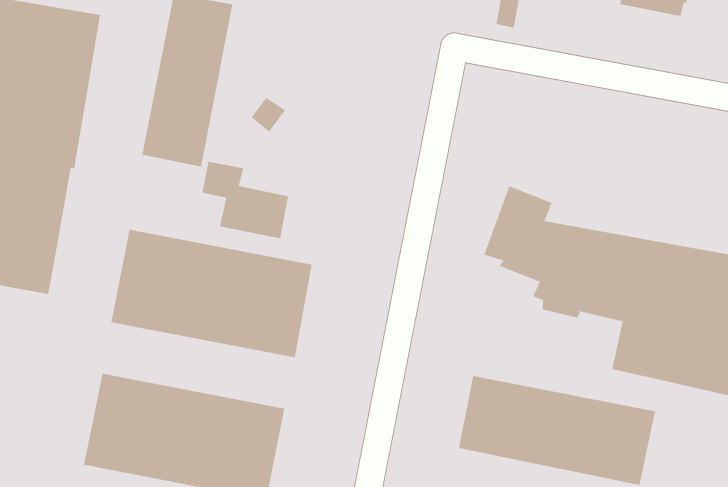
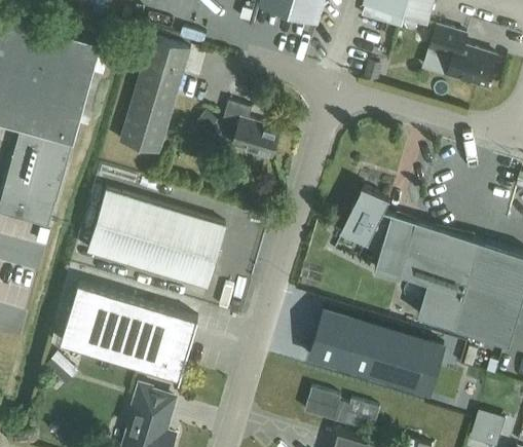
building: [202,161,289,239] -> [222,103,279,159]

